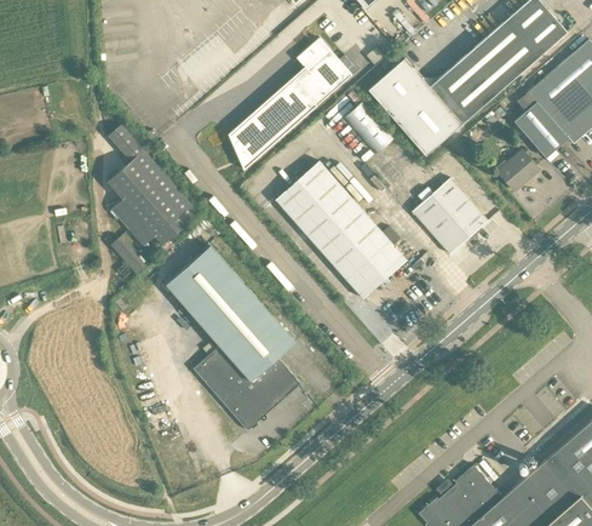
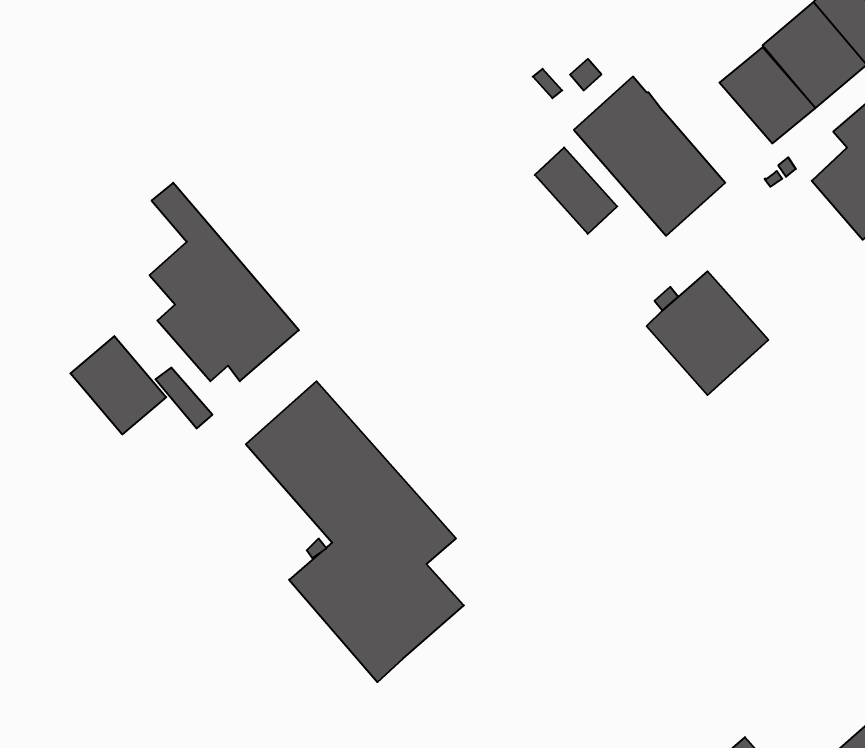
building: [230,38,351,170] -> none
building: [430,61,490,122] -> none
building: [498,149,540,190] -> none
building: [276,160,407,298] -> none
building: none -> [70,336,166,434]

